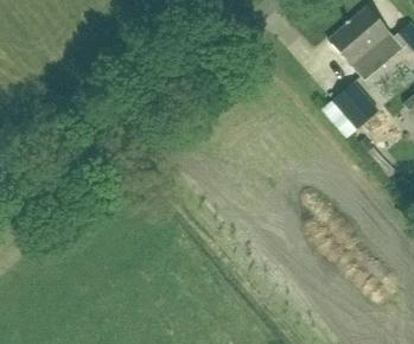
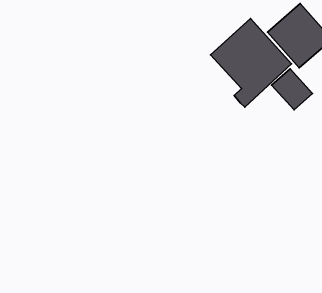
building: none -> [211,18,292,107]

